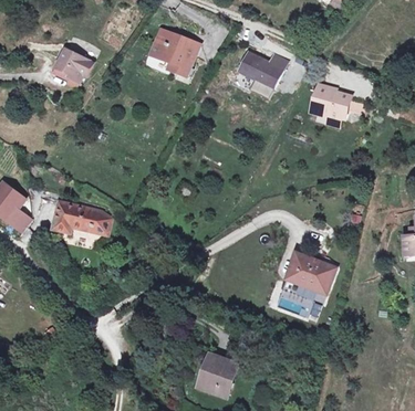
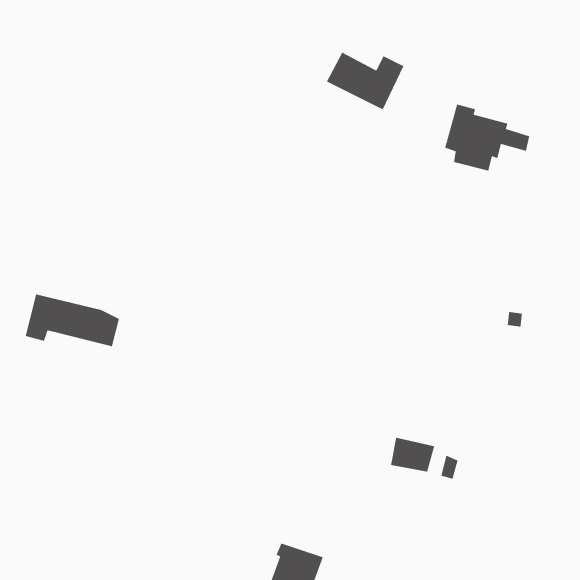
building: [149,35,199,75] -> none
building: [55,48,93,82] -> none
building: [287,252,335,292] -> none

